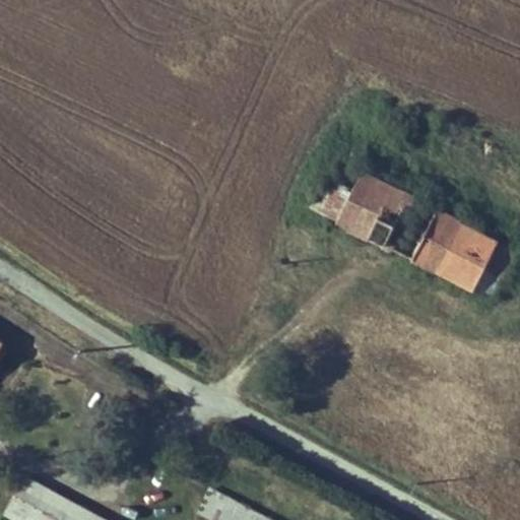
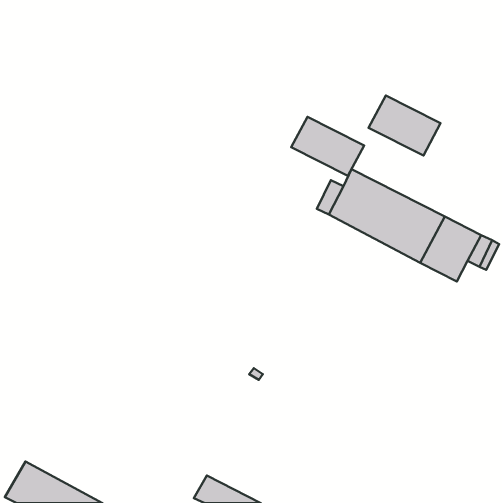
building: none -> [369,96,440,155]
building: none -> [291,117,364,176]

